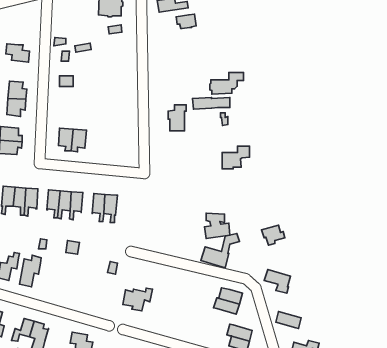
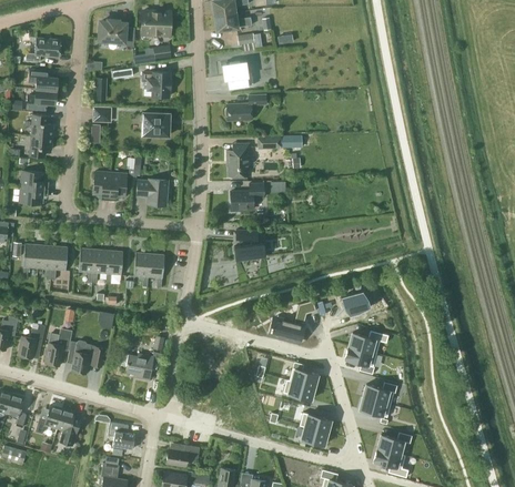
building: none -> [99,20,133,45]
building: none -> [26,38,60,61]
building: none -> [221,60,253,89]
building: none -> [142,72,170,97]
building: none -> [26,89,55,110]
building: [210,72,243,94] -> [224,94,265,121]
building: none -> [141,112,169,135]
building: none -> [137,179,166,204]
building: [222,146,249,169] -> [230,183,263,211]
building: [204,213,230,239] -> [233,230,264,261]
building: none -> [349,329,387,353]
building: none -> [67,338,105,374]
building: [123,288,153,311] -> [124,352,161,379]
building: none -> [362,382,396,404]

